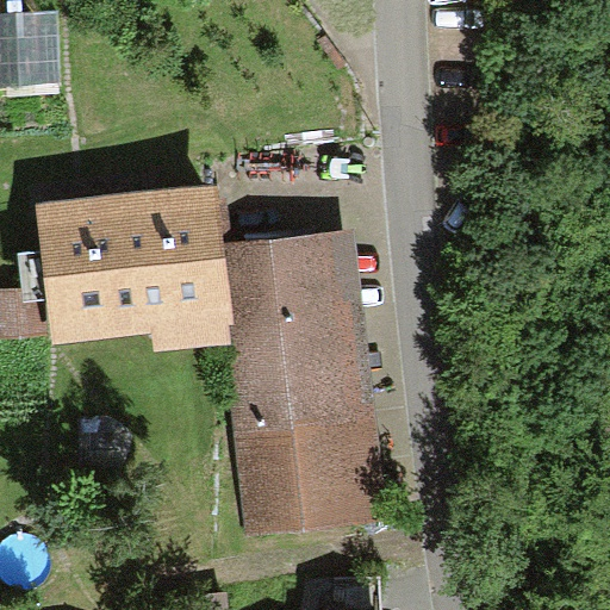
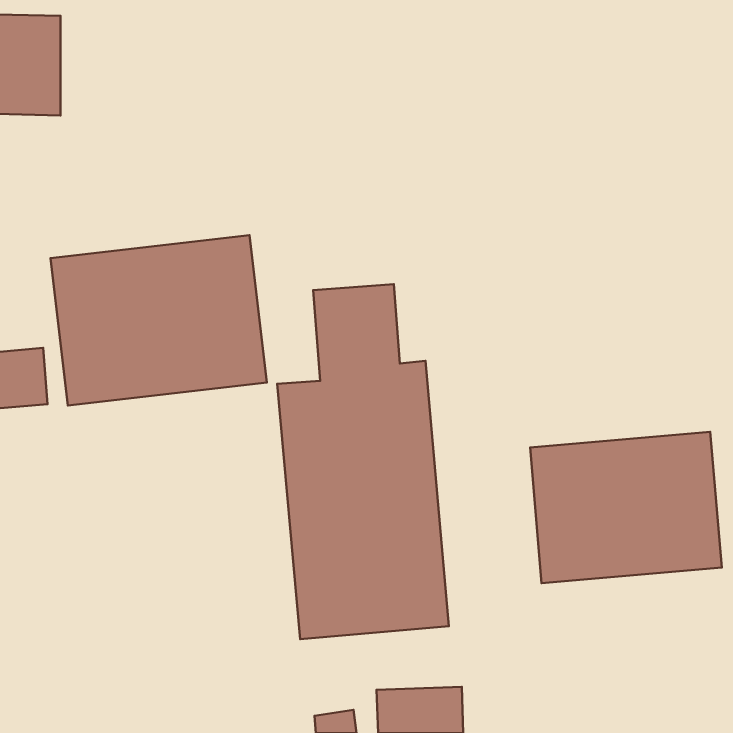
building: none -> [530,432,722,583]

